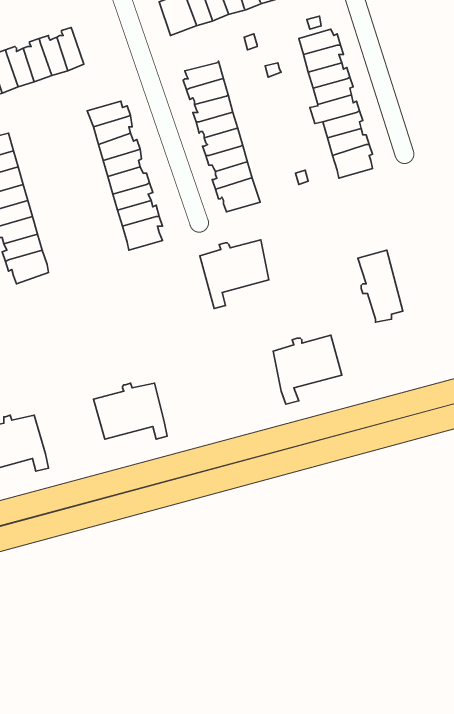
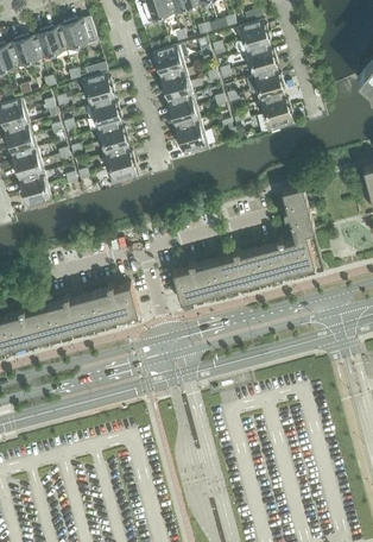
building: none -> [68,18,96,49]
building: [200,240,269,309] -> [172,261,223,313]
building: none -> [260,238,314,289]
building: none -> [40,297,95,339]

